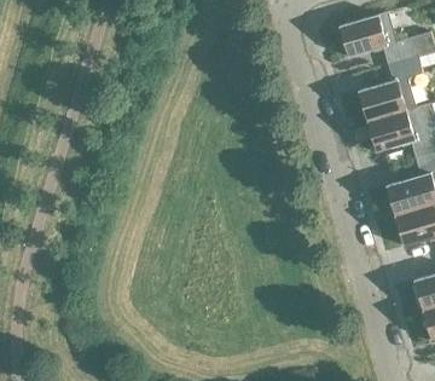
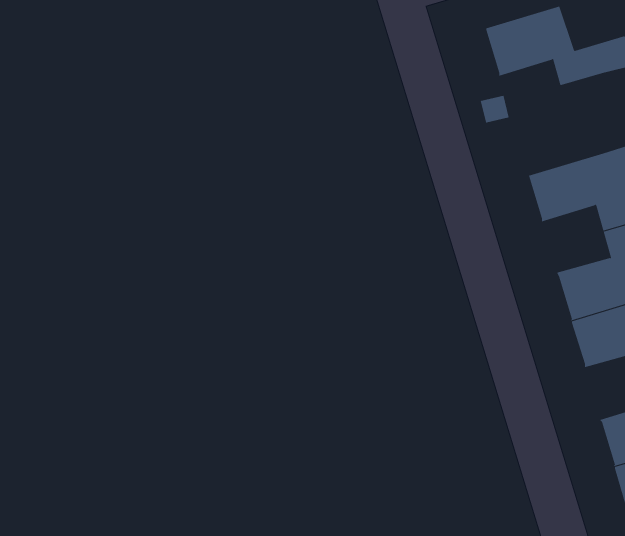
building: [358,56,423,122] -> none

